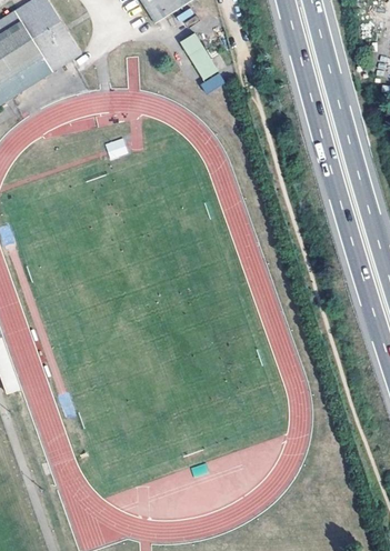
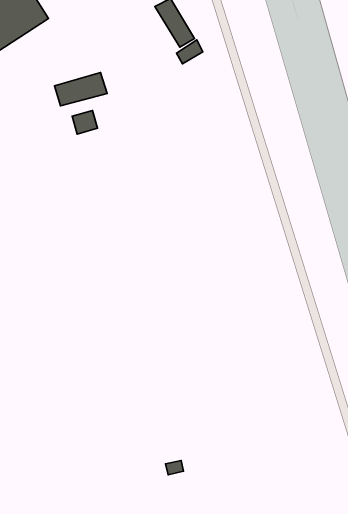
building: none -> [55,72,107,106]

